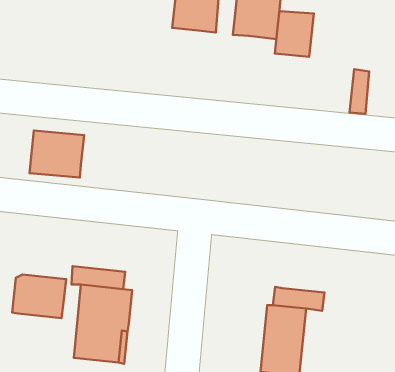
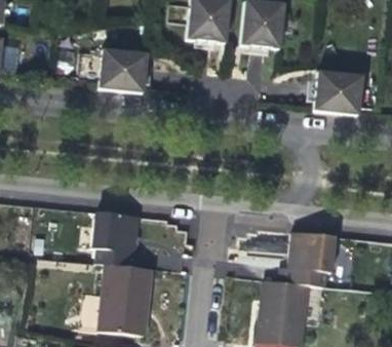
building: [275,11,314,57] -> [315,71,350,112]
building: [29,131,84,178] -> [100,47,149,89]
building: none -> [285,235,332,273]
building: [12,275,66,318] -> [92,215,141,254]

